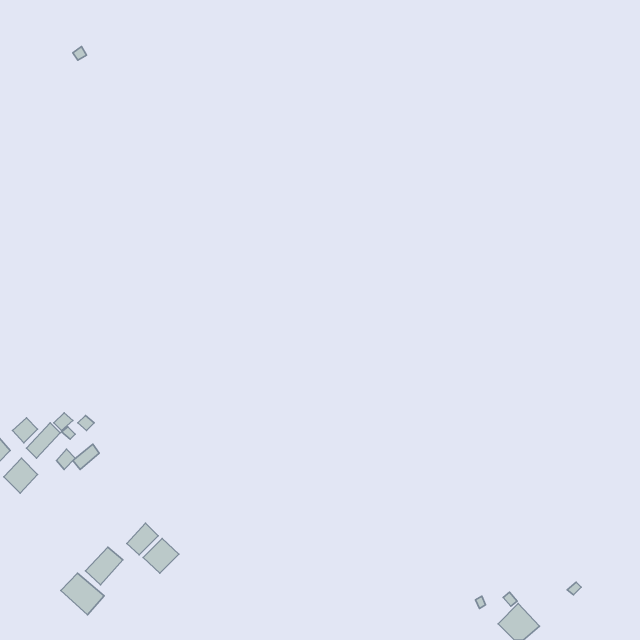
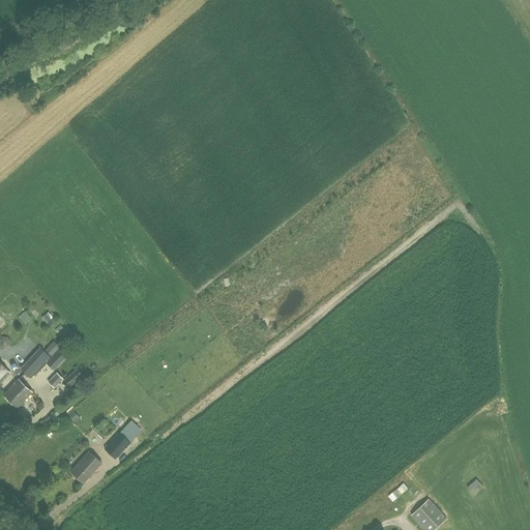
building: [143,539,179,573] -> none
building: [61,573,104,615] -> none

